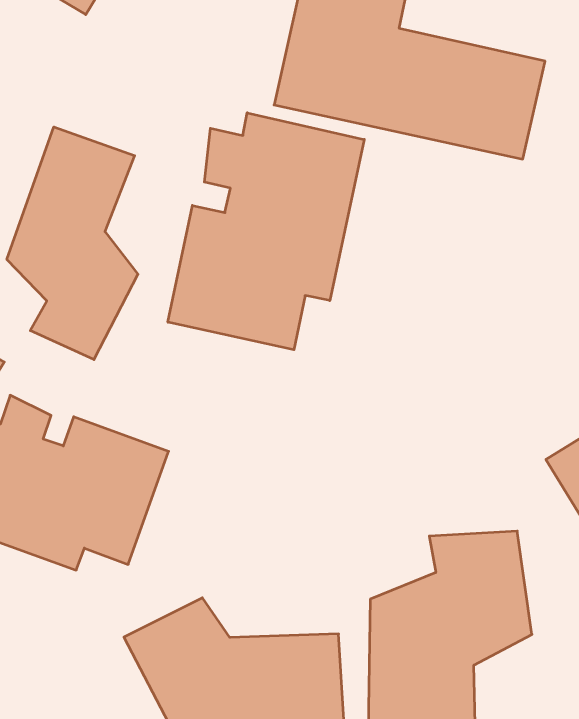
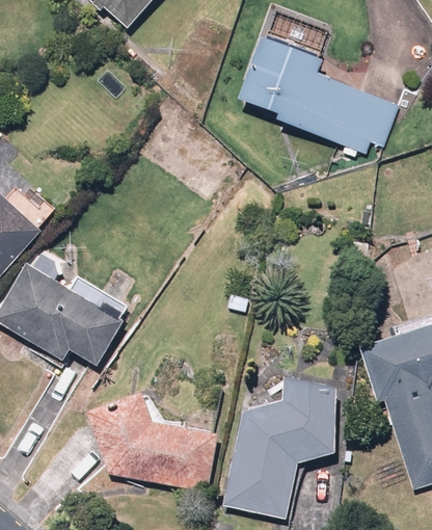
building: [168,113,364,350] -> none
building: [7,127,138,360] -> none

